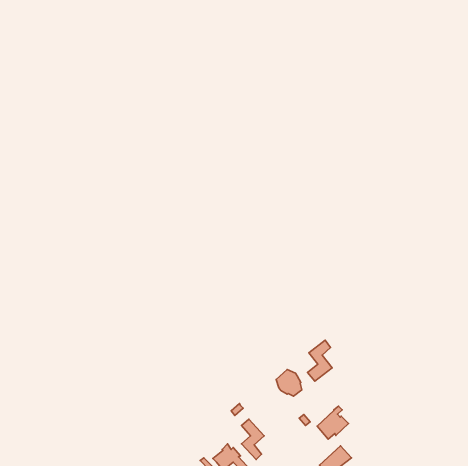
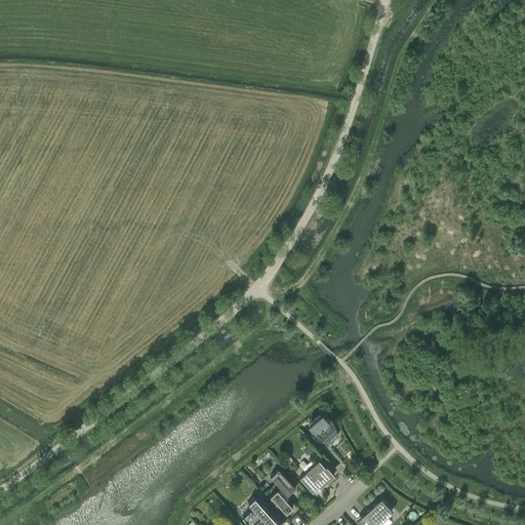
building: [307,340,332,381] -> none
building: [317,406,349,439] -> [300,458,335,495]

